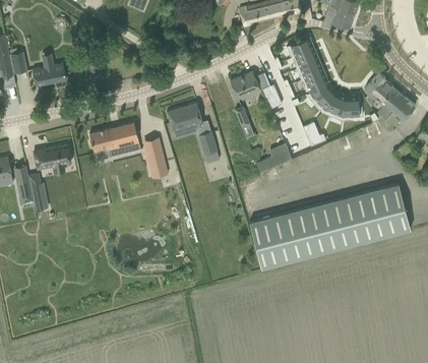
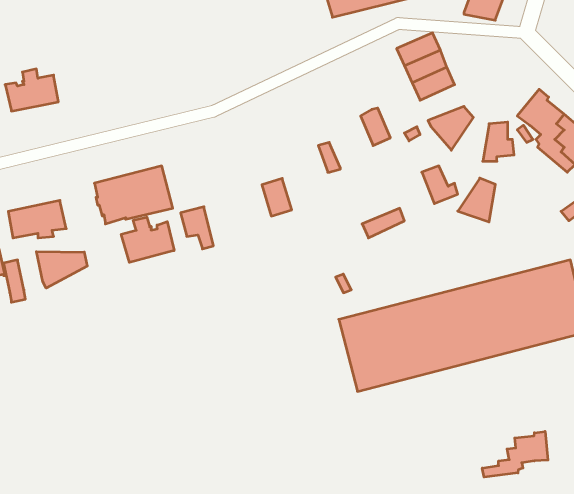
building: [301,69,329,93] -> none
building: [230,71,260,100] -> none
building: [321,90,346,119] -> [458,178,495,222]
building: [167,103,202,130] -> none
building: none -> [121,217,174,262]
building: none -> [36,252,87,288]
building: none -> [482,431,548,477]

